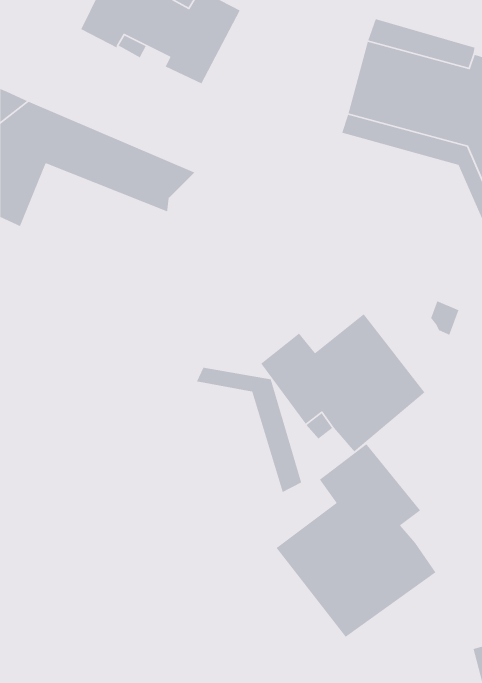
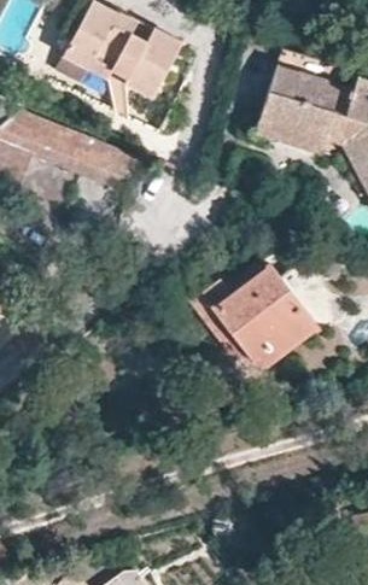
building: [196,367,302,493] -> none
building: [276,443,437,638] -> none

